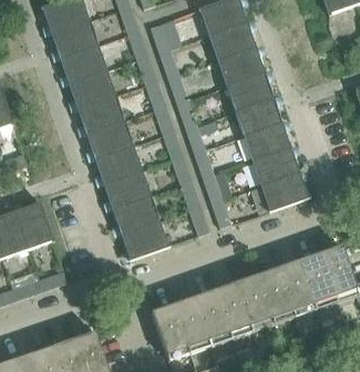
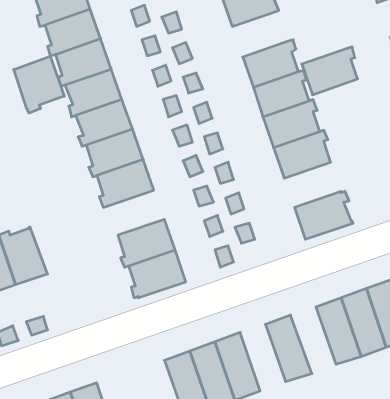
building: [208,20,255,60] -> [302,47,358,95]
building: none -> [14,56,64,113]
building: [251,146,299,185] -> none
building: [104,171,152,209] -> none
building: [257,268,295,323] -> none
building: [215,282,253,338] -> none

